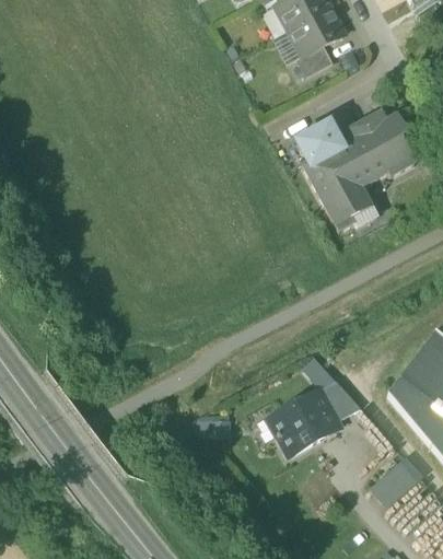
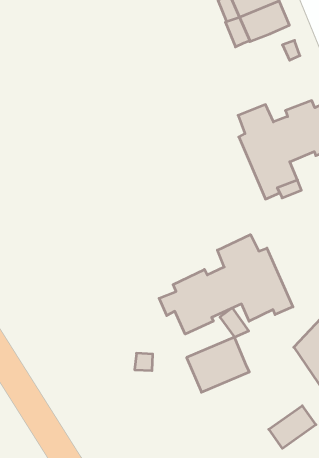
building: [296,44,334,75] -> none
building: none -> [159,235,293,334]
building: [320,380,361,420] -> none

